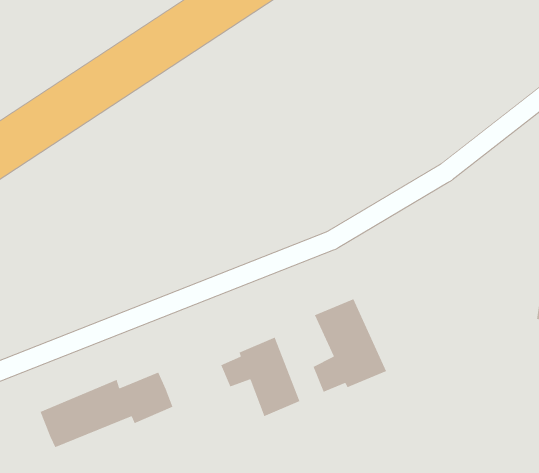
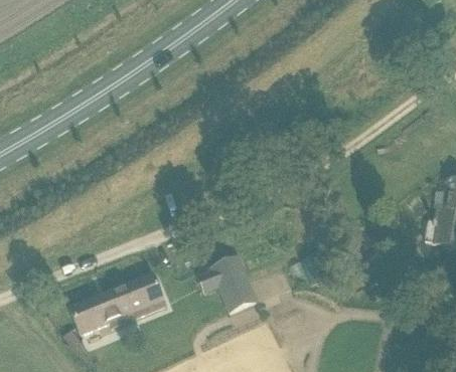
building: [312,298,387,393] -> none

